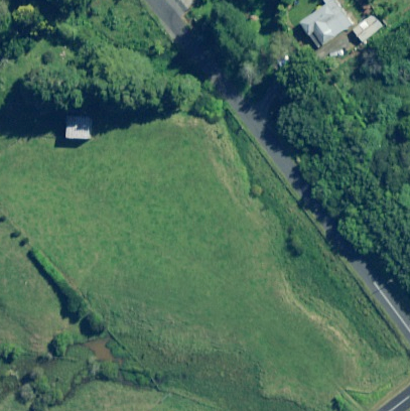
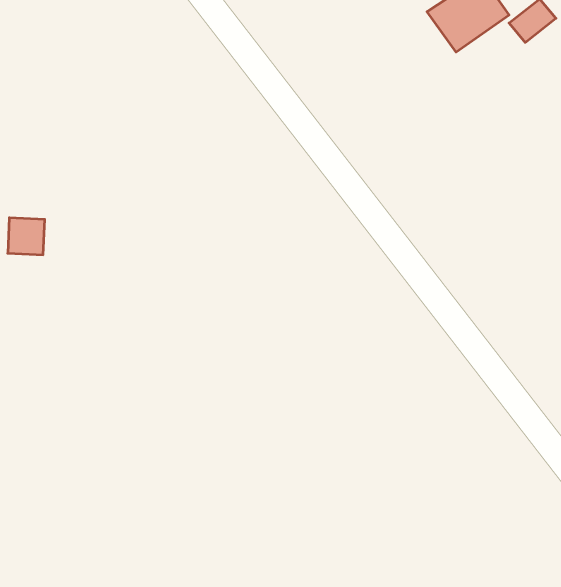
building: [66,116,90,139] -> [8,218,45,255]

